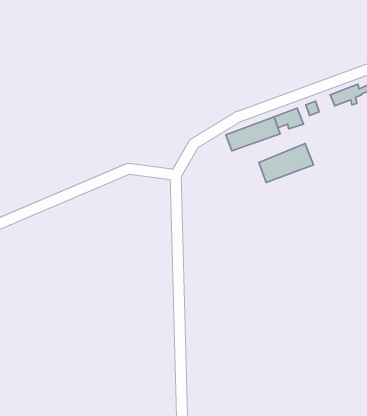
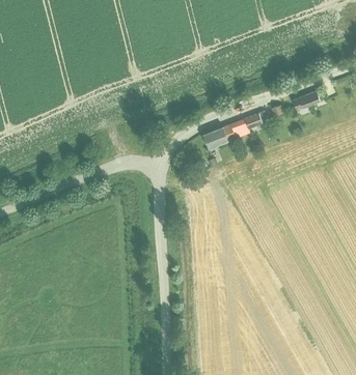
building: [259,144,314,183] -> none

